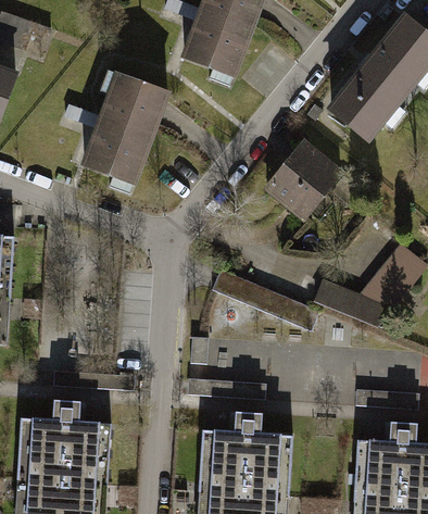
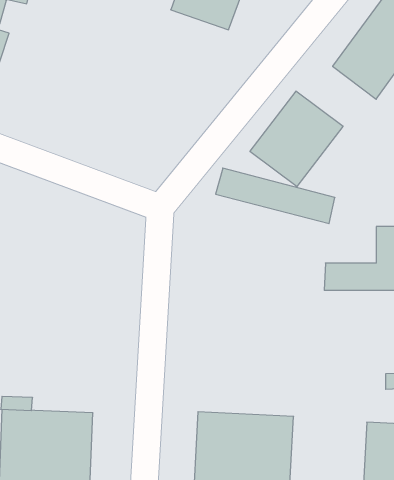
building: [81,77,174,196] -> none
building: [213,274,323,325] -> [216,168,335,224]

